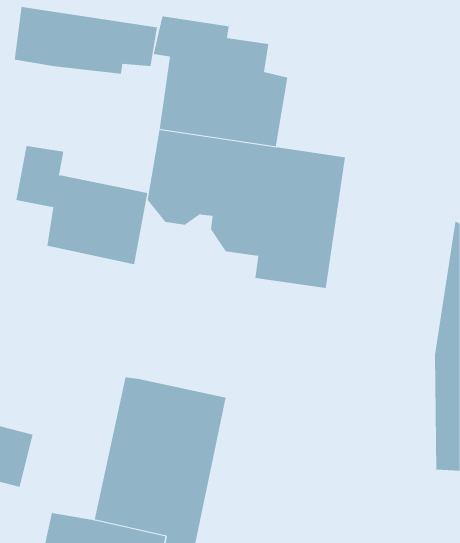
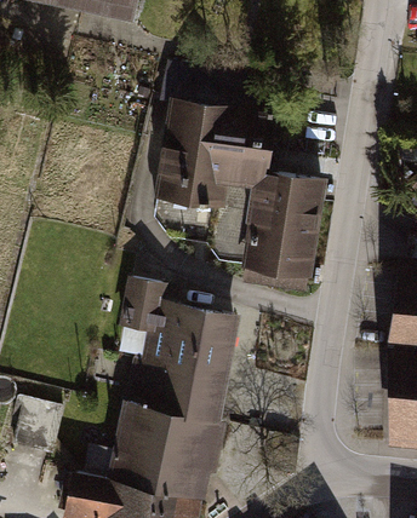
building: [14,6,157,74] -> none
building: [16,146,148,265] -> [124,281,233,379]

